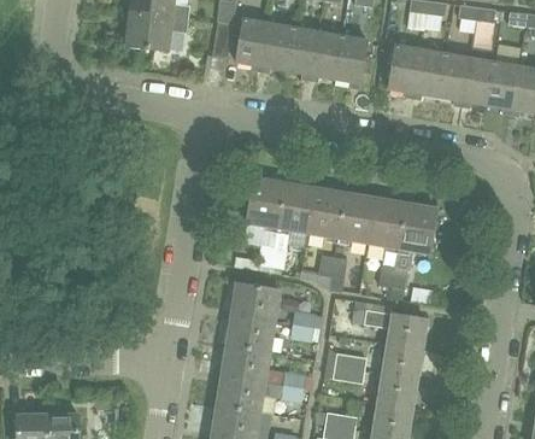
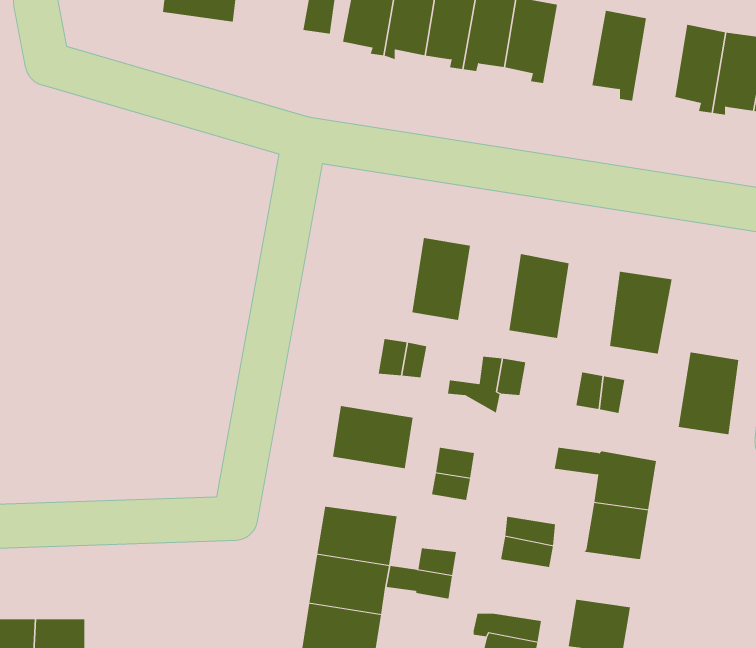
building: [413,48,446,100] -> none
building: [247,177,286,228] -> none
building: [307,187,345,239] -> none
building: [368,198,405,248] -> [678,352,739,435]
building: [225,316,275,352] -> none
building: [378,374,417,408] -> none

